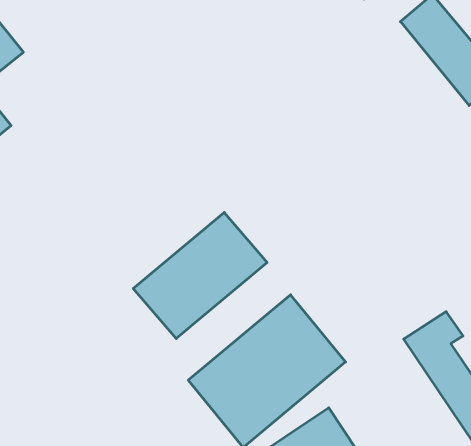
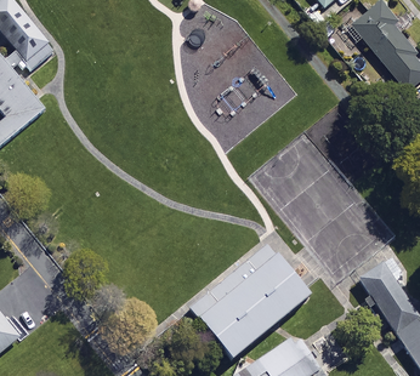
building: [133,212,267,339] -> none

